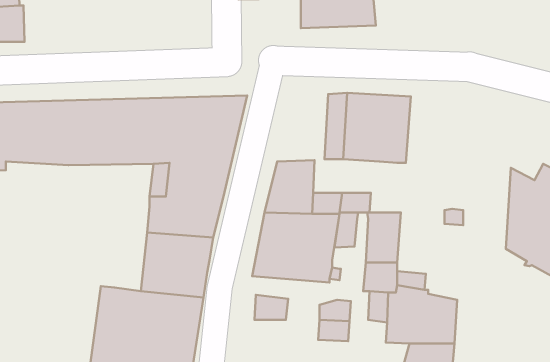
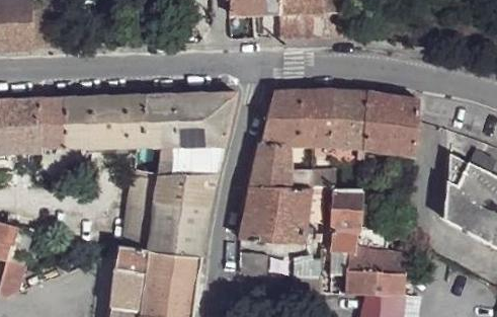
building: none -> [260,91,302,146]
building: none -> [364,93,421,153]
building: none -> [129,177,157,251]

